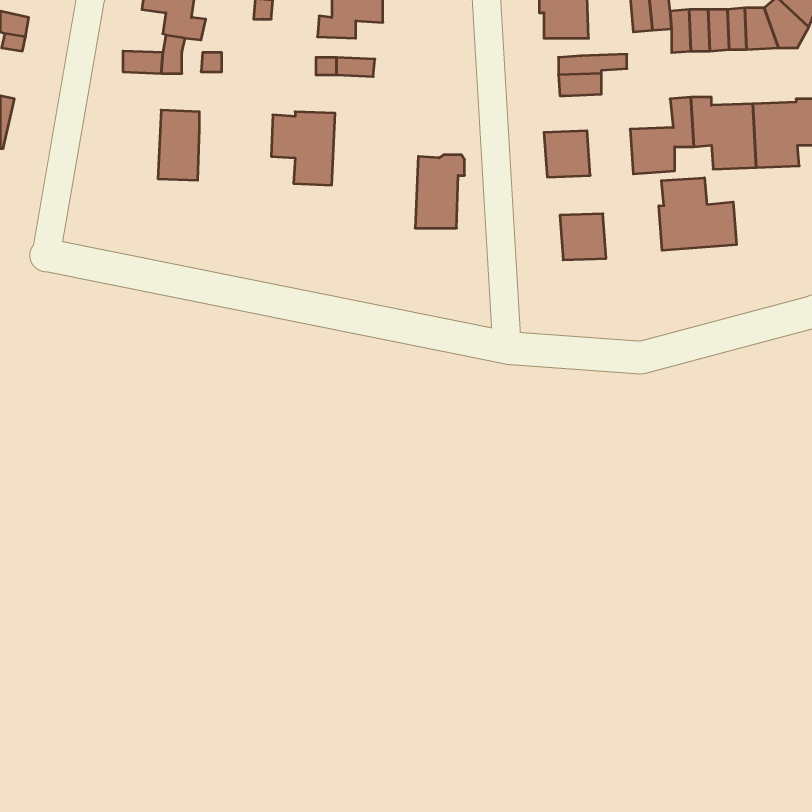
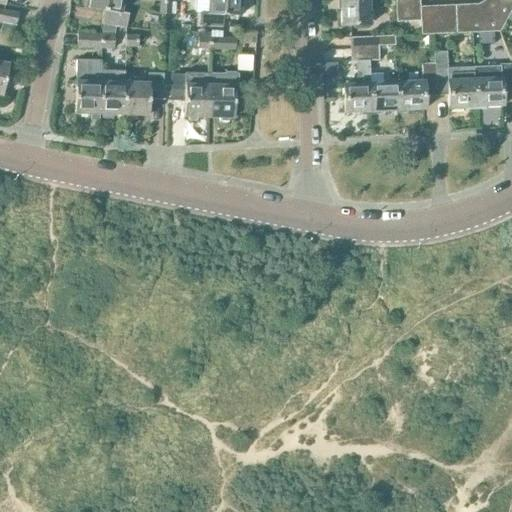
building: none -> [77,58,103,112]
building: none -> [126,73,164,114]
building: [415,155,465,228] -> [210,70,241,116]
building: [659,178,736,250] -> none
building: [560,214,606,260] -> [370,81,399,110]

